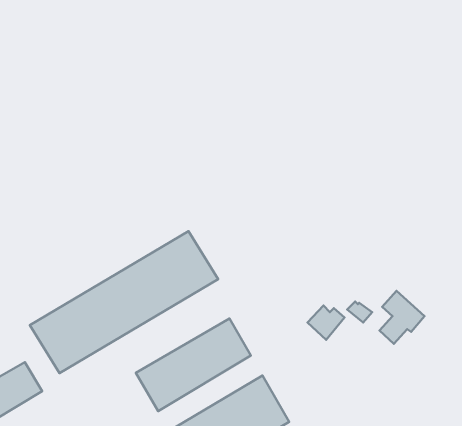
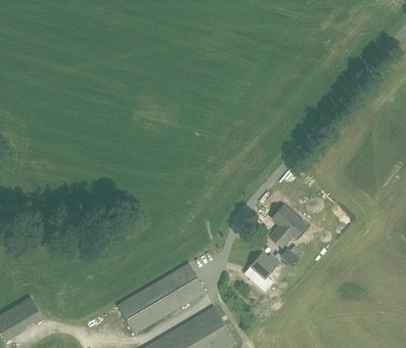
building: [30,231,218,373] -> none
building: [379,291,424,344] -> [269,206,304,247]

